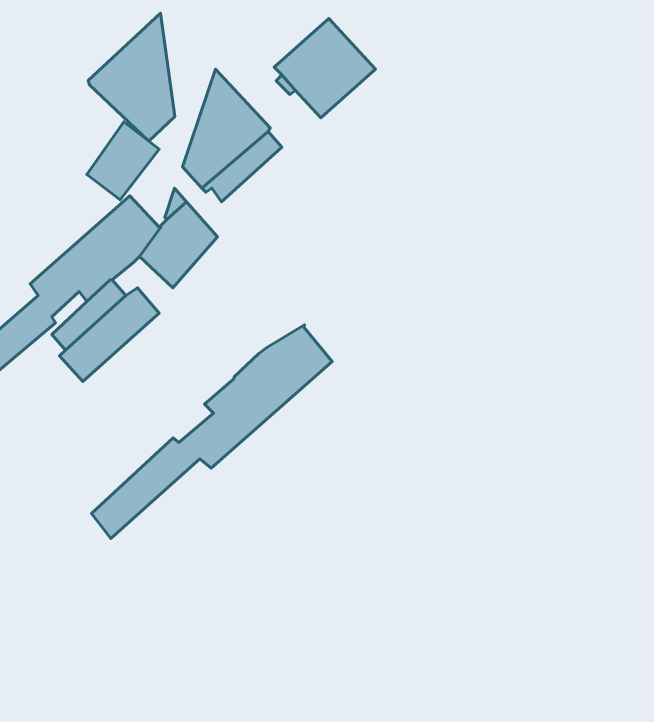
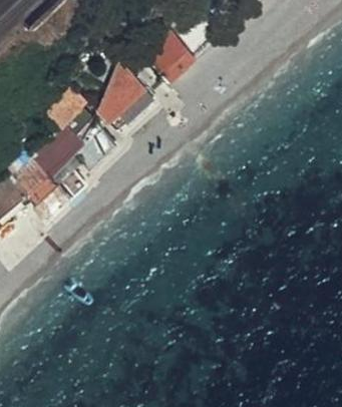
building: [88,13,175,141] -> none
building: [92,325,332,539] -> none

